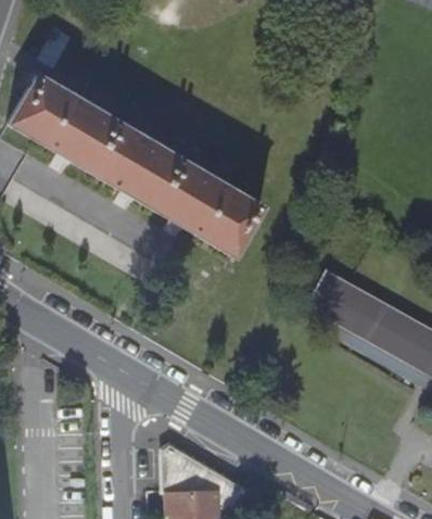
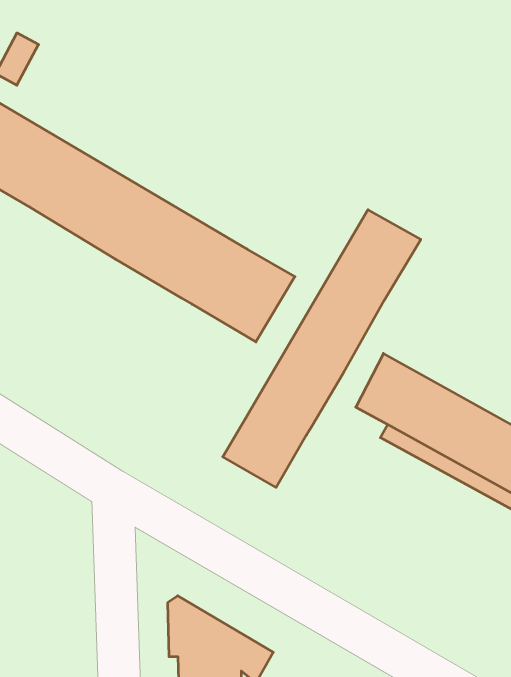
building: none -> [223,210,421,487]

